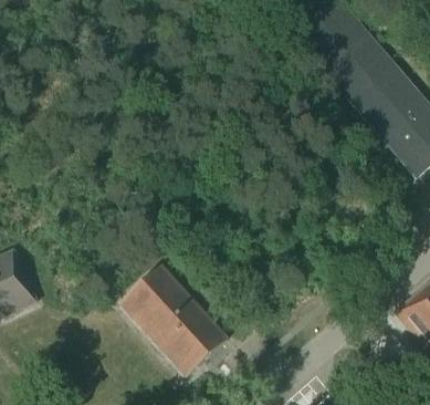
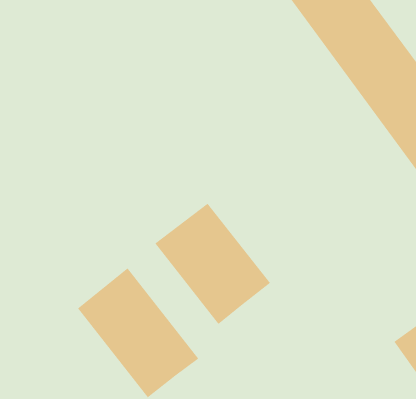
building: none -> [154,203,271,325]

